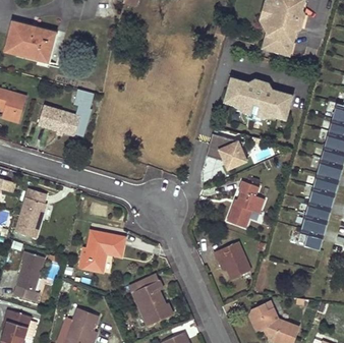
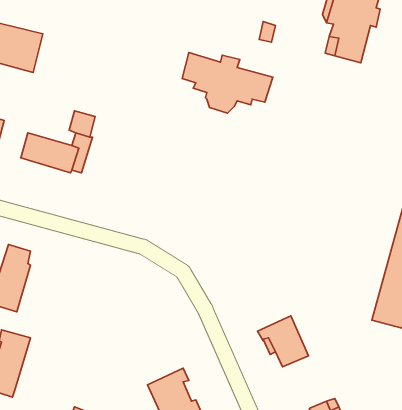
building: [225,77,292,122] -> [182,53,273,113]
building: [206,132,246,168] -> none
building: [226,181,264,228] -> none
building: [83,230,124,272] -> none

